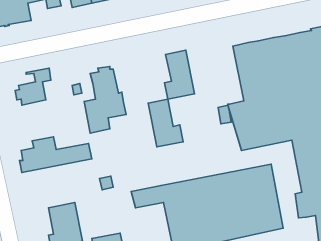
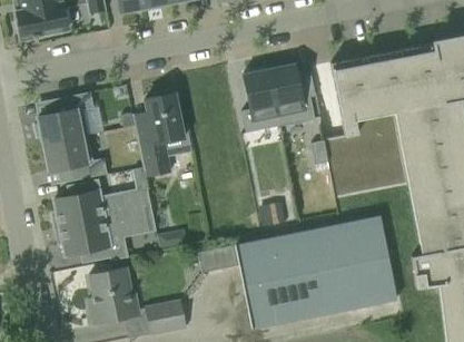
building: [148,99,183,147] -> [269,63,315,126]
building: none -> [56,134,108,183]
building: none -> [56,211,150,261]

